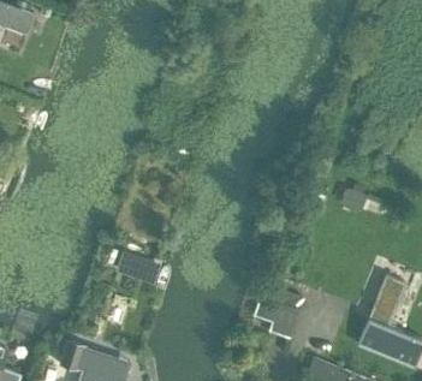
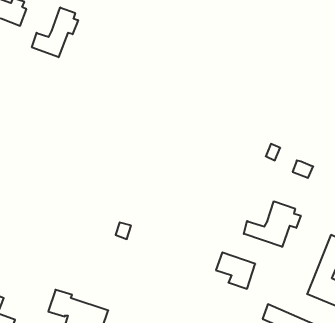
building: none -> [32,7,78,57]
building: none -> [244,201,301,247]

